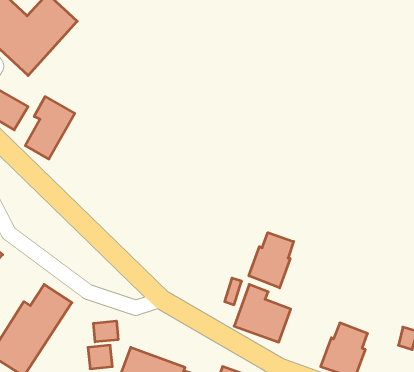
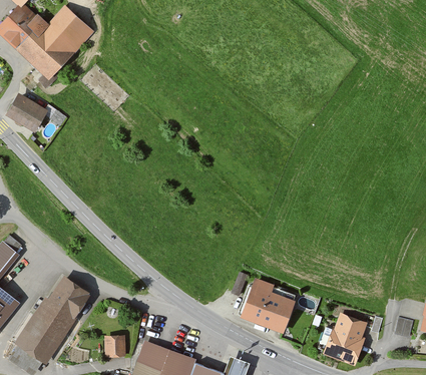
building: [25,97,75,159] -> none
building: [249,233,294,288] -> none
building: [93,321,118,342] -> none

